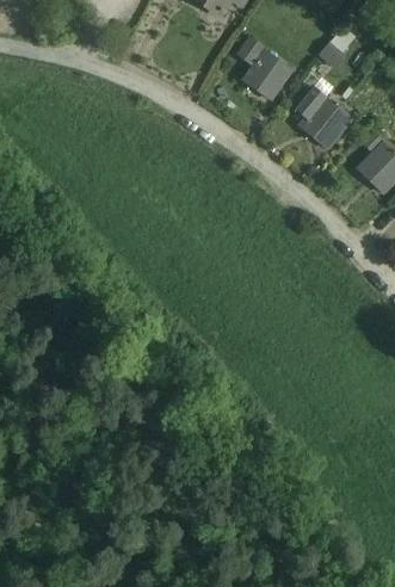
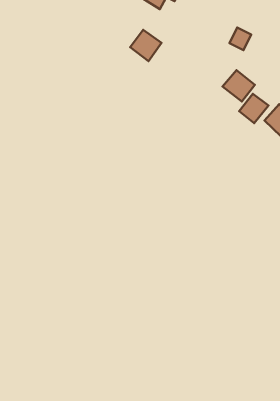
building: [247,52,290,95] -> [130,30,161,61]
building: none -> [239,94,268,123]

